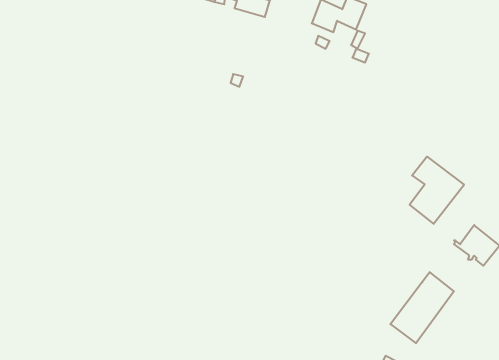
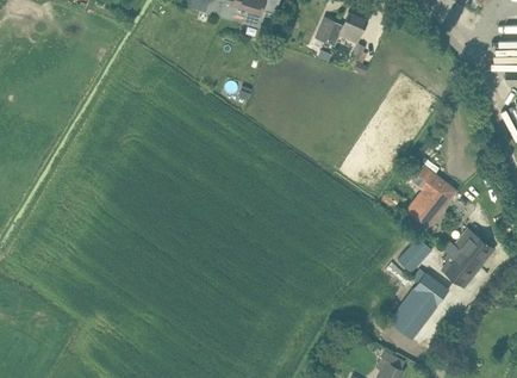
building: none -> [398,236,431,271]
building: none -> [441,241,475,284]

